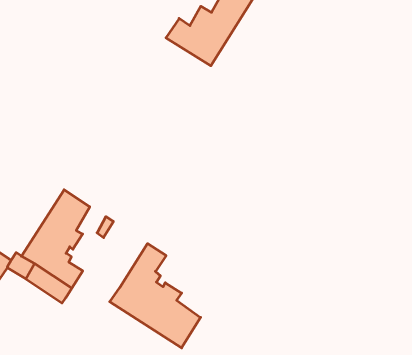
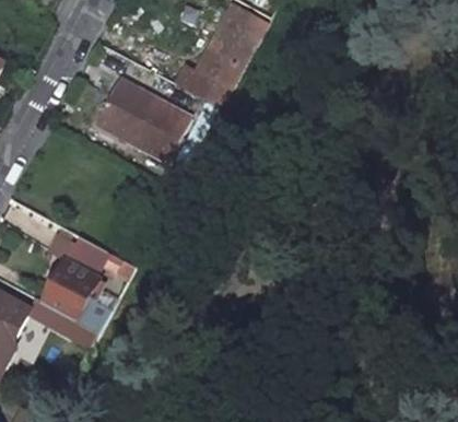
building: none -> [93,78,189,161]
building: [110,244,201,348] -> none

